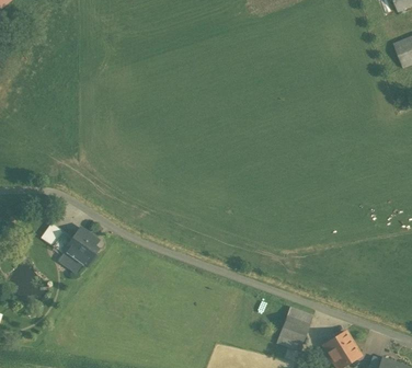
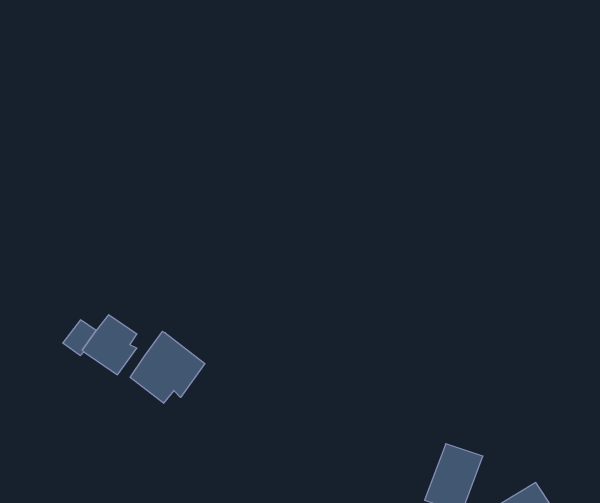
building: none -> [130,331,205,403]

